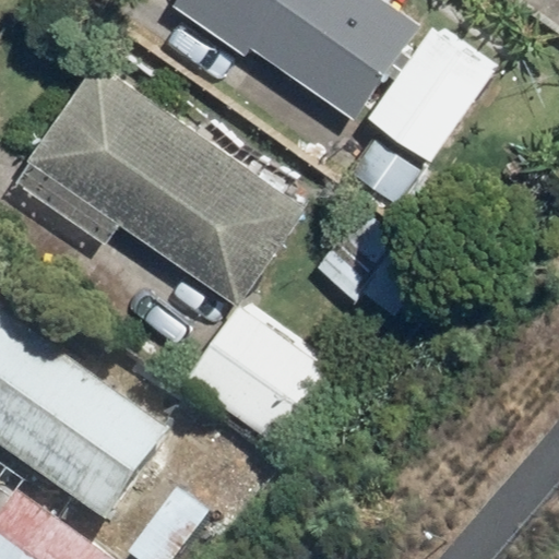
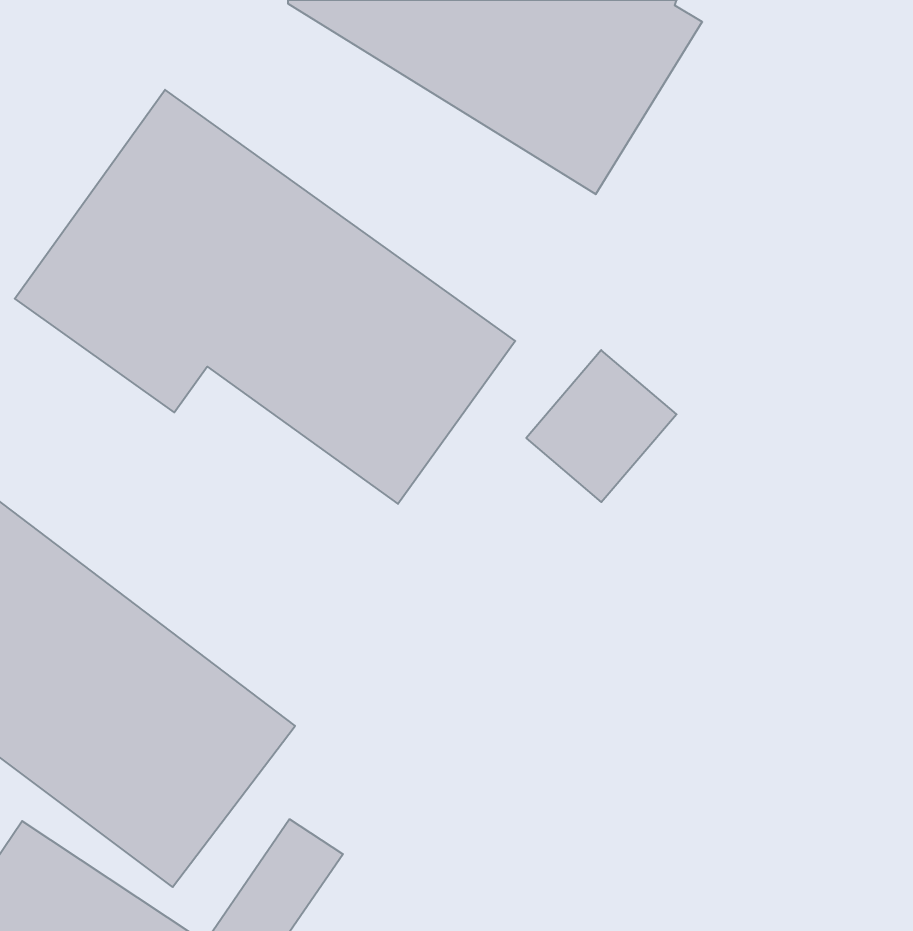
building: [374,29,492,155] -> none
building: [186,306,324,441] -> none

